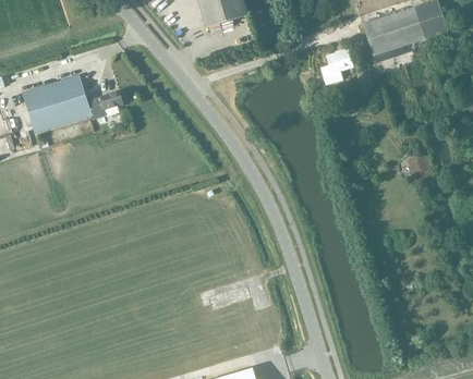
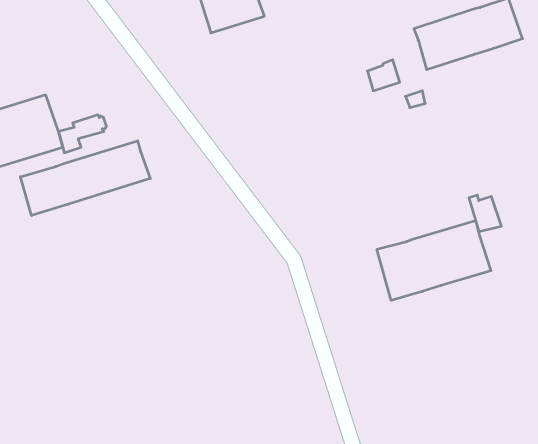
building: none -> [20,141,150,216]
building: none -> [377,221,491,300]

